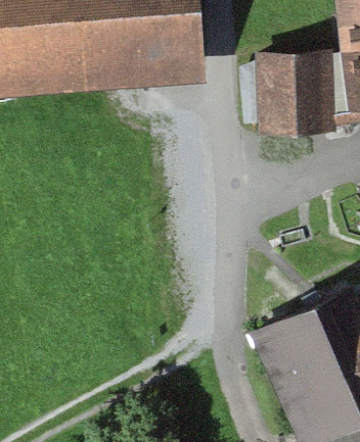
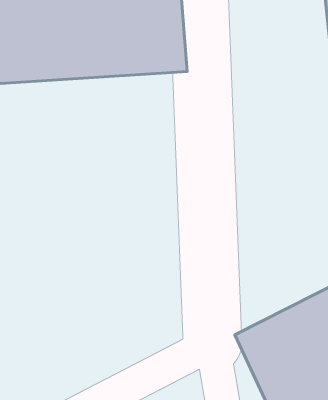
building: [257,50,336,134] -> none

